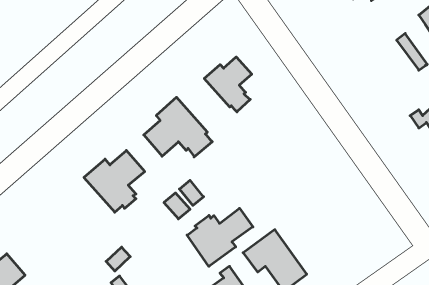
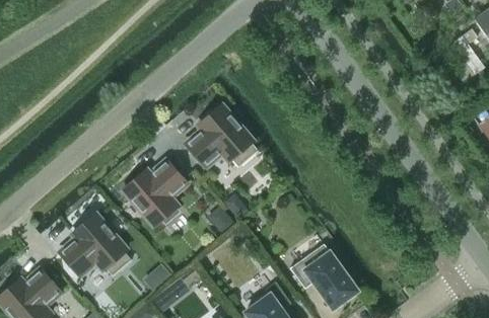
building: [204,57,252,112] -> none
building: none -> [60,214,132,275]
building: [187,208,253,266] -> none

